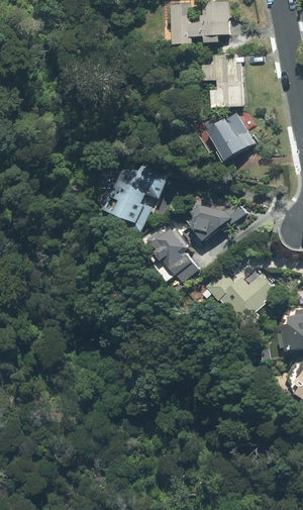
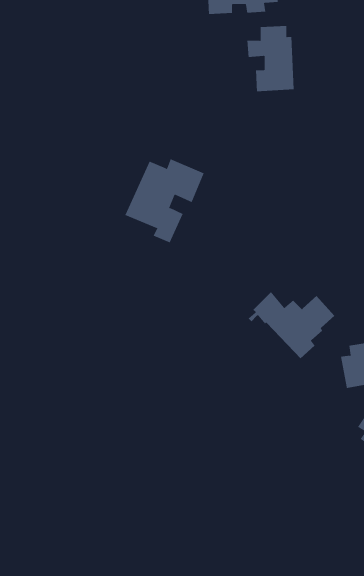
building: [191,113,258,159] -> none
building: [189,201,246,240] -> none
building: [147,229,199,283] -> none

